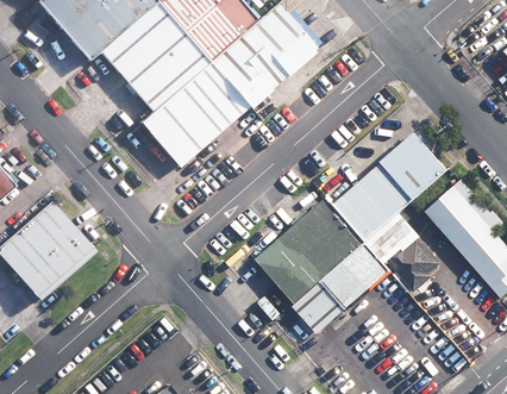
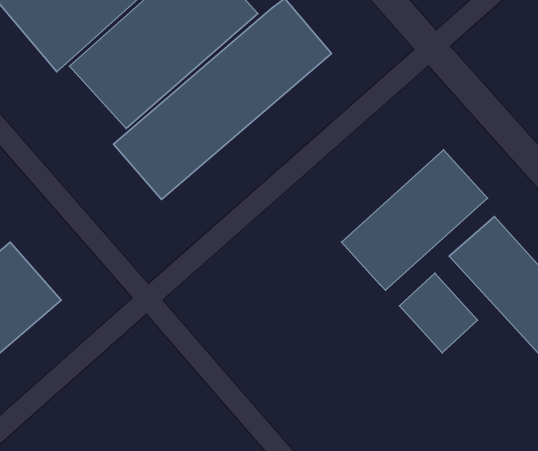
building: [246,193,353,296] -> none
building: [290,244,386,334] -> none

